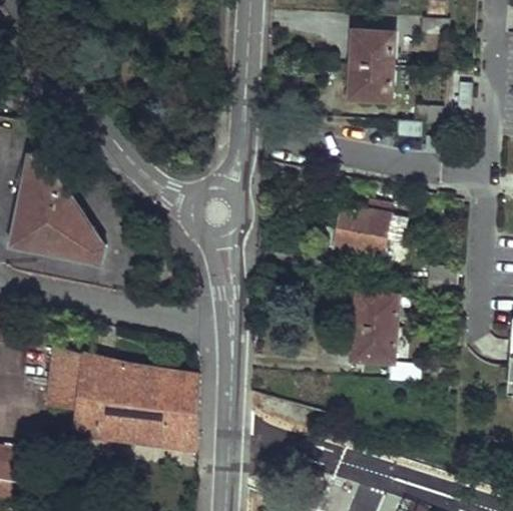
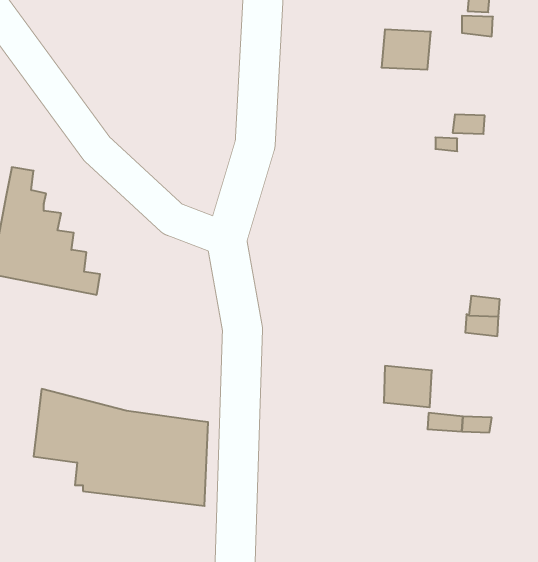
building: [348,66,390,102] -> none
building: [334,199,391,259] -> none
building: [353,295,396,331] -> none

